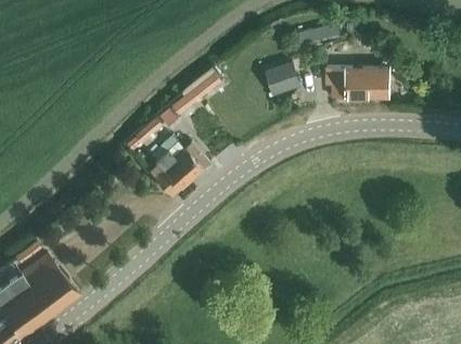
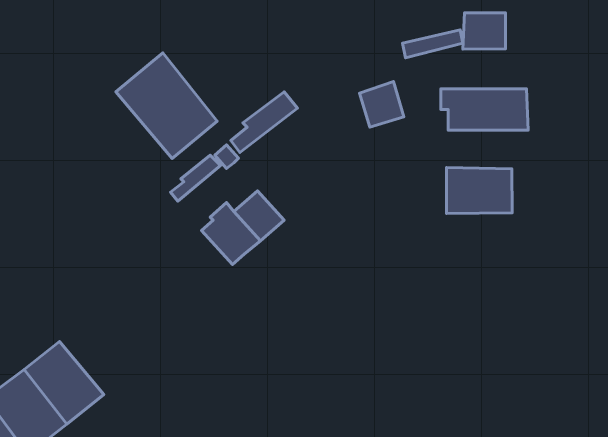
building: none -> [463,13,506,49]
building: none -> [116,53,217,159]
building: none -> [446,168,512,213]

